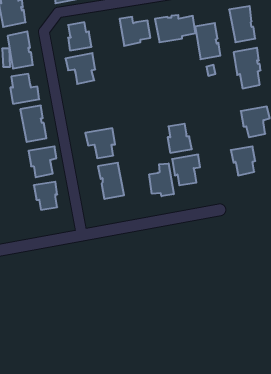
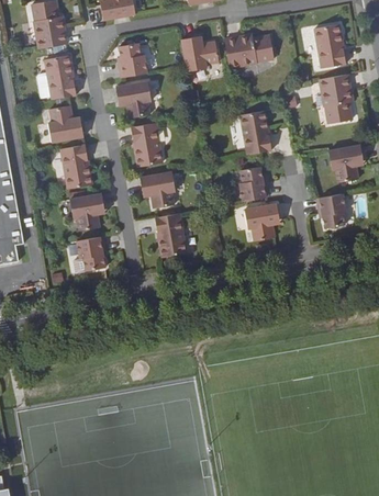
building: [195,23,220,59] -> [241,110,271,154]
building: none -> [131,122,163,166]
building: [149,163,174,196] -> none

